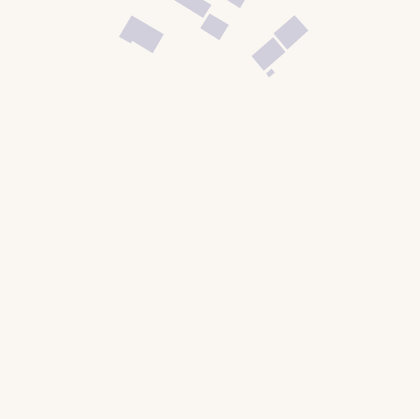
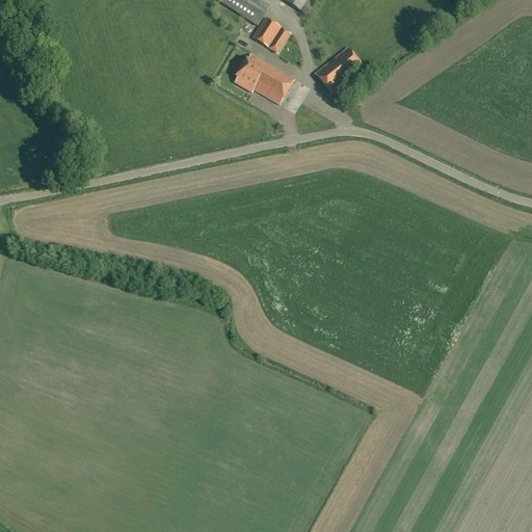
building: [272,14,309,50] -> none
building: [118,15,165,54] -> [234,53,293,103]

